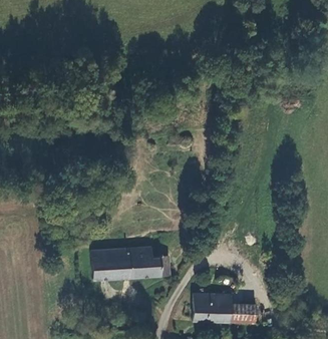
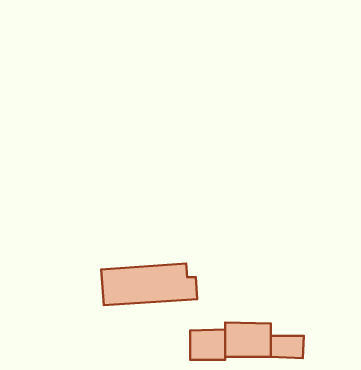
building: none -> [190,329,225,360]

